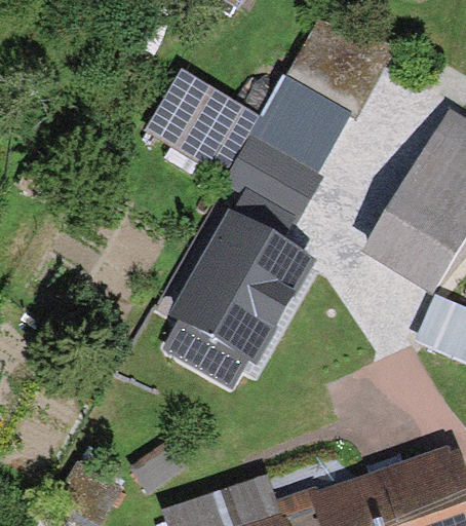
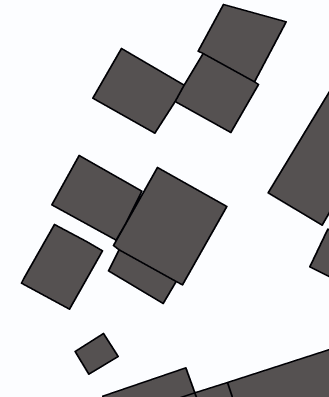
building: [224,135,325,221] -> none
building: none -> [52,156,142,240]
building: none -> [21,225,103,309]

